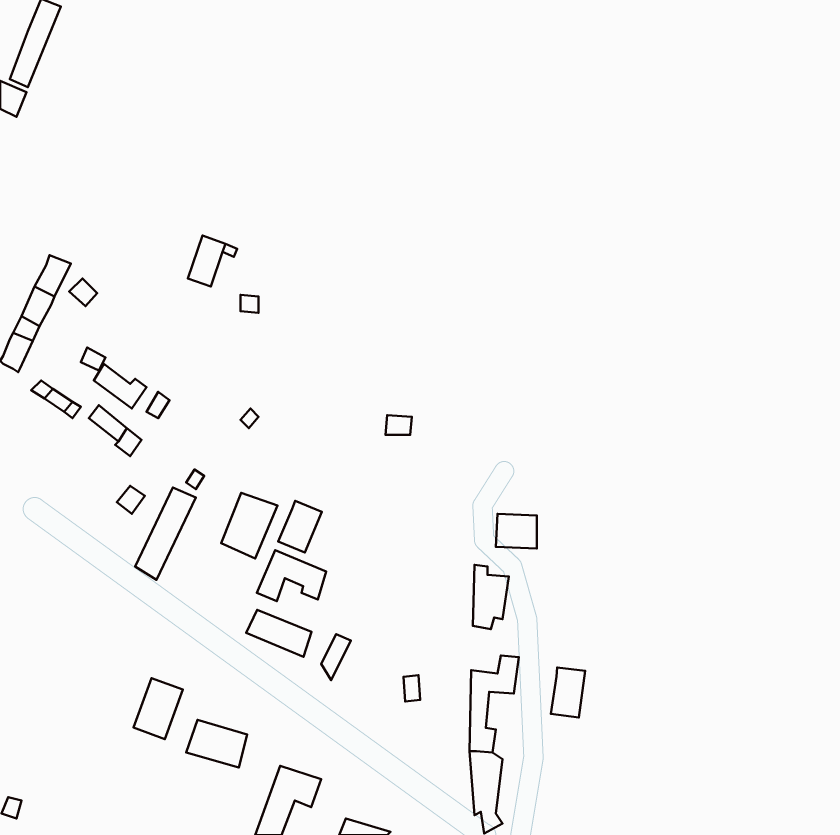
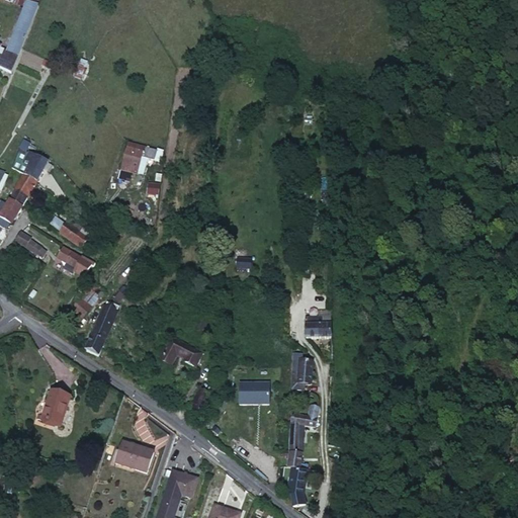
building: [221,493,277,559] -> none
building: [278,501,322,552] -> none
building: [246,610,311,657] -> none
building: none -> [240,378,272,404]
building: [551,667,585,717] -> none
building: [133,678,183,739] -> [37,388,68,426]

